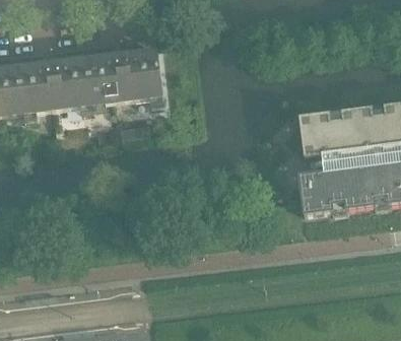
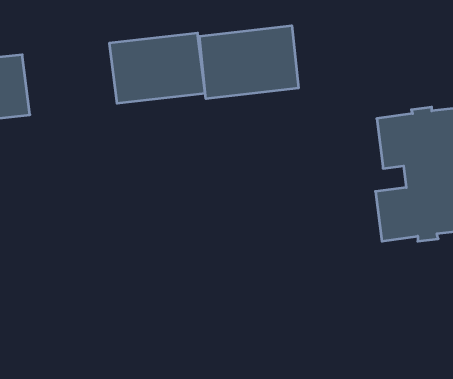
building: none -> [199,26,298,99]
building: [19,57,94,114] -> none

